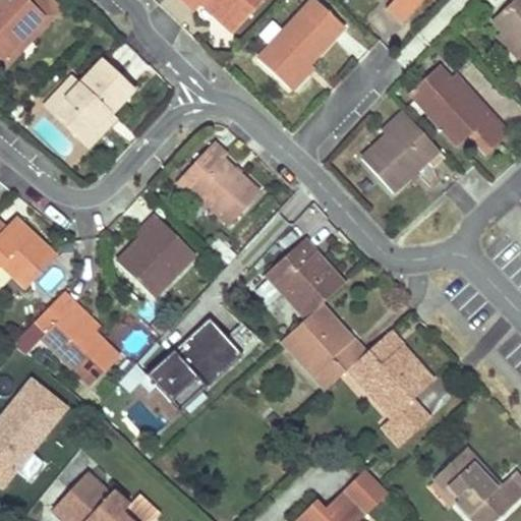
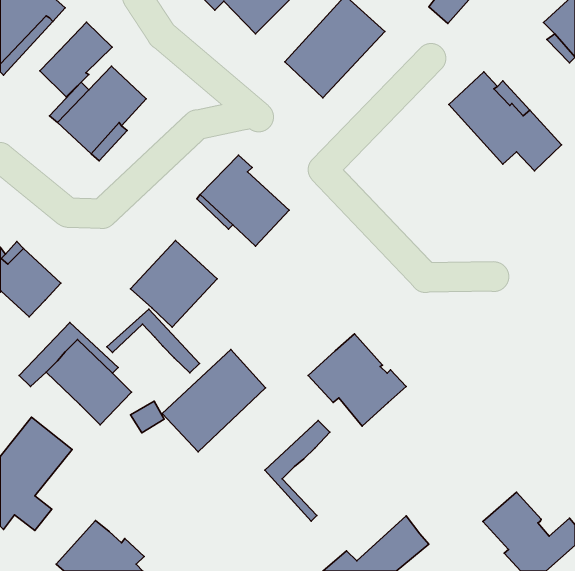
building: none -> [40,22,112,97]
building: [359,111,444,193] -> none
building: [268,237,344,317] -> none
building: none -> [107,309,200,373]
building: [351,330,430,444] -> none
building: none -> [265,420,330,521]

